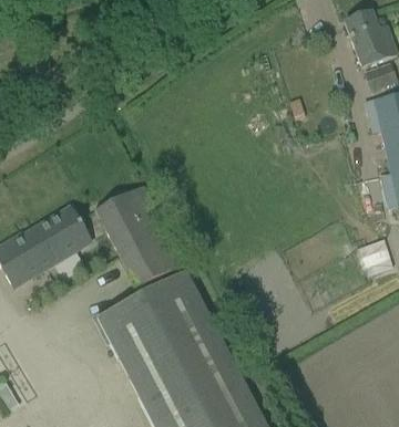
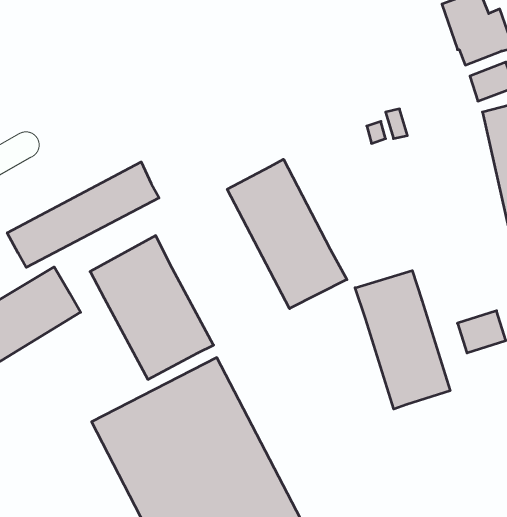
building: none -> [227,159,347,309]
building: none -> [7,162,159,267]
building: none -> [355,271,450,409]

